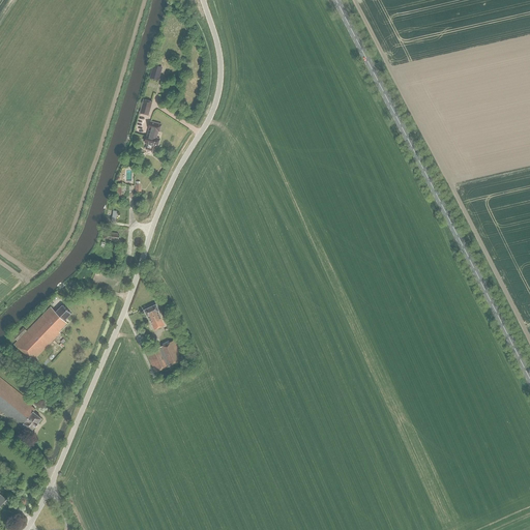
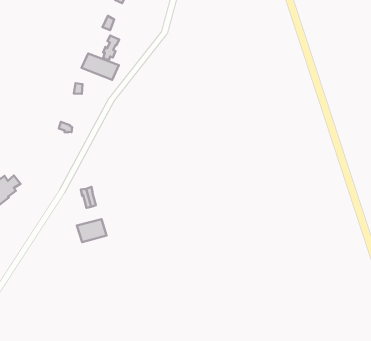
building: none -> [82,53,119,80]

